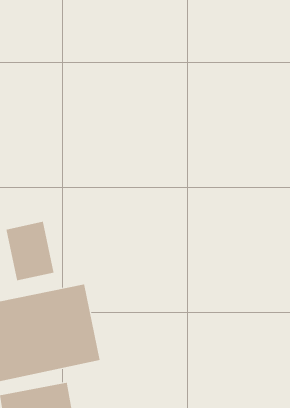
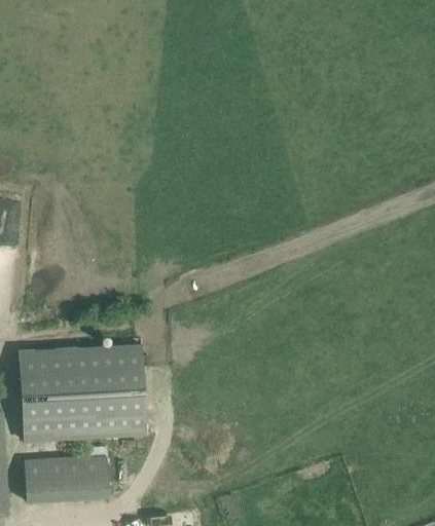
building: [6,221,54,281] -> none

